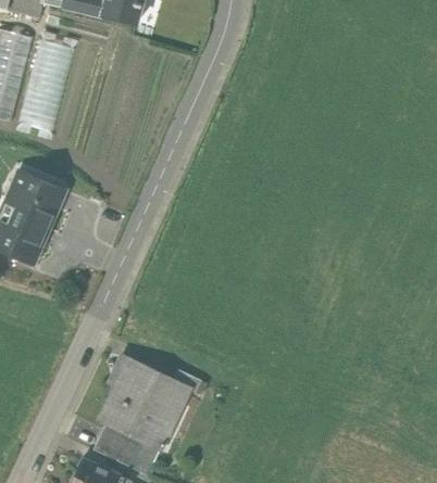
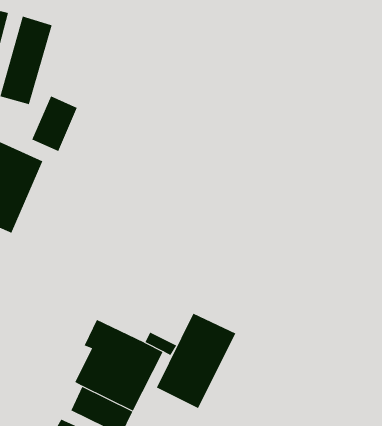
building: none -> [32,96,78,152]
building: none -> [156,313,236,409]

